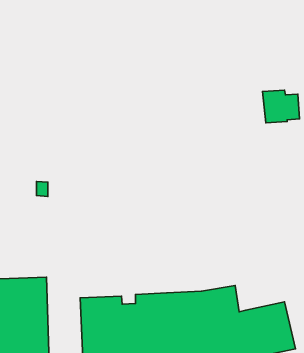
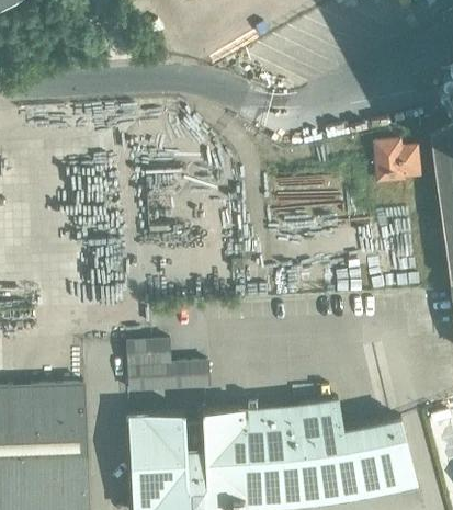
building: none -> [126,342,208,392]

